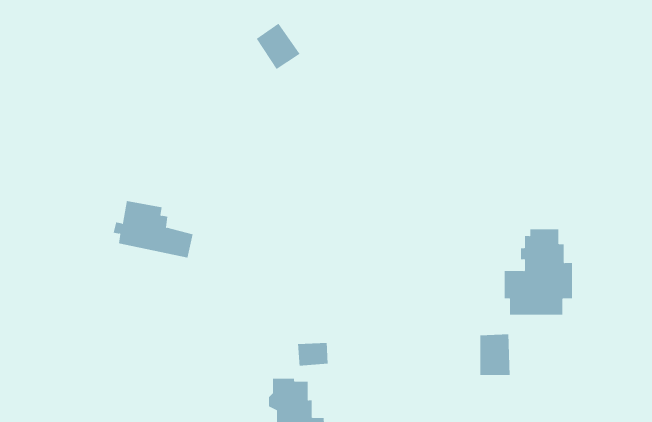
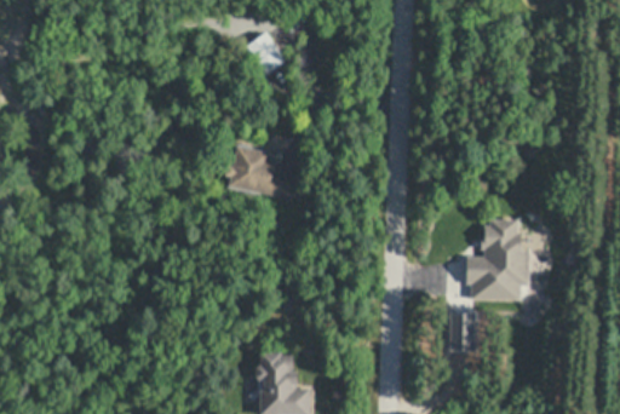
building: [113,200,194,258] -> [225,150,298,202]
building: [298,342,328,366] -> none

